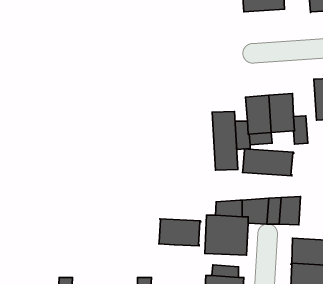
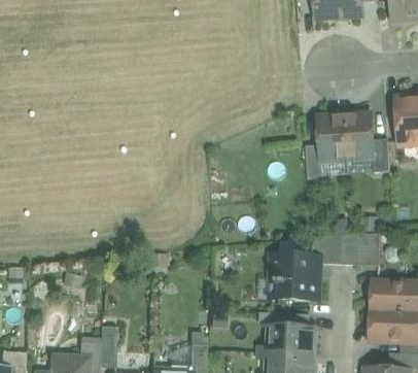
building: [212,112,238,170] -> none
building: [242,149,294,176] -> none
building: [159,219,201,246] -> none

